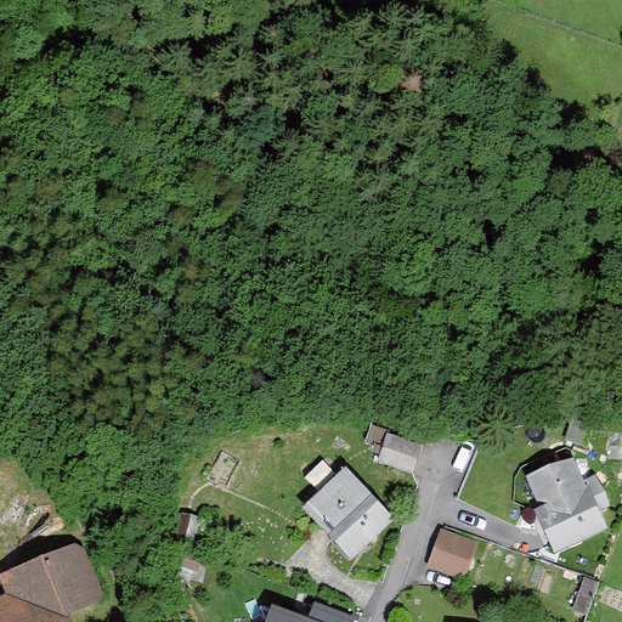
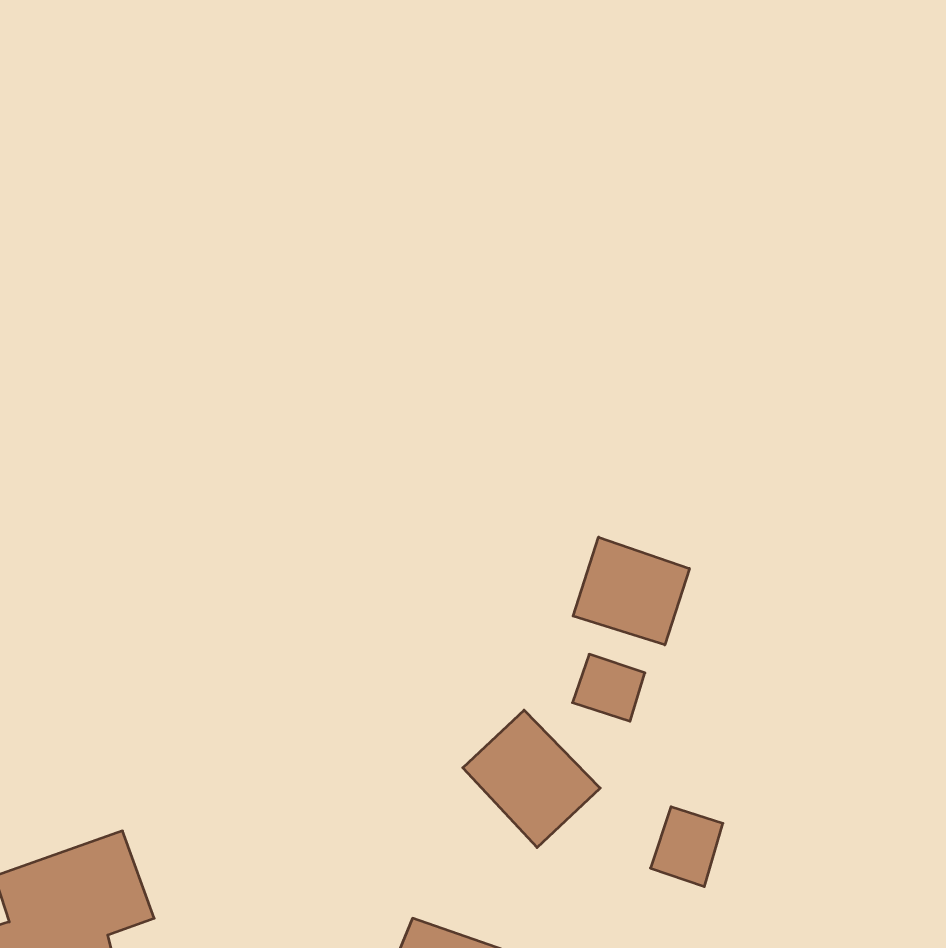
building: none -> [573,537,689,645]
building: [524,449,610,549] -> none

